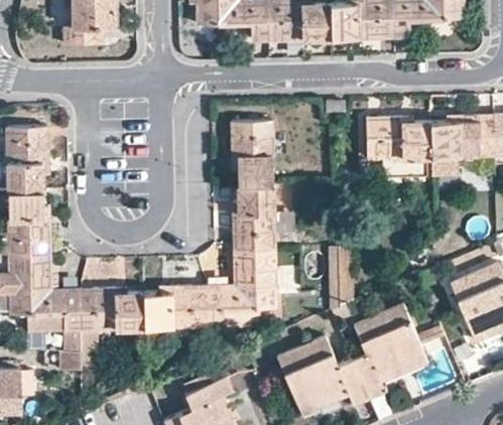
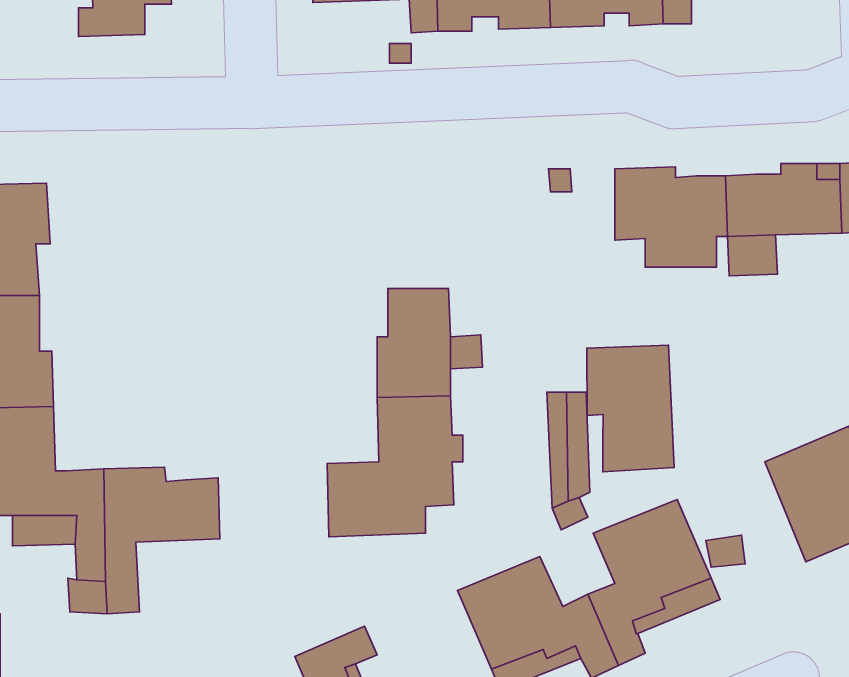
building: [230,120,273,185] -> none
building: none -> [587,345,674,472]
building: [143,284,206,326] -> none

